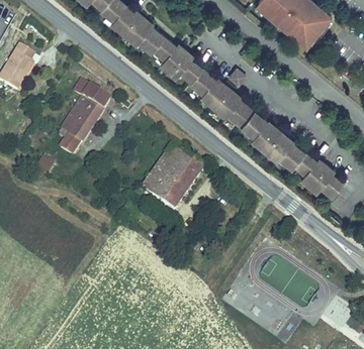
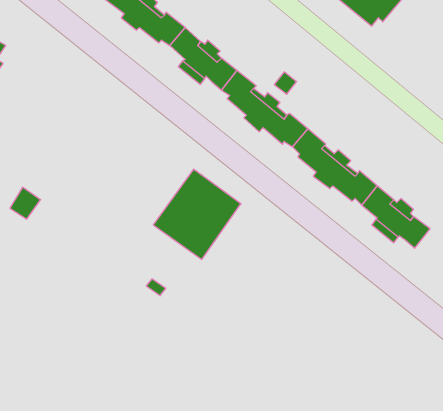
building: [55,78,109,155] -> none

